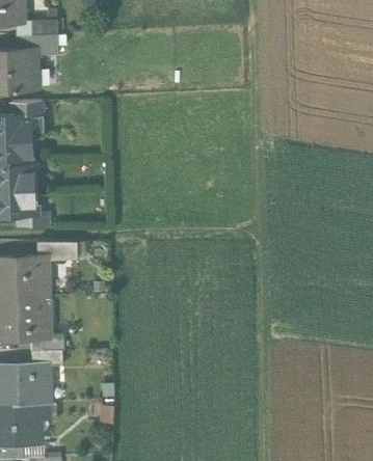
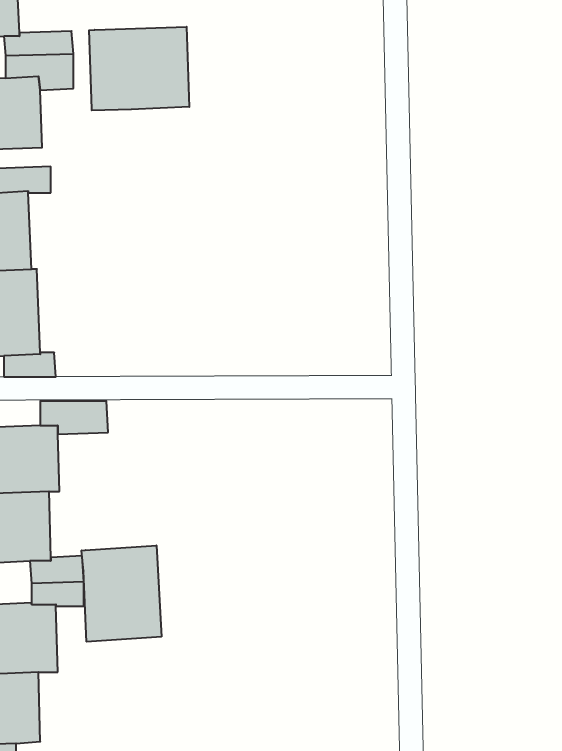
building: none -> [89,27,189,110]
building: none -> [82,545,161,642]

